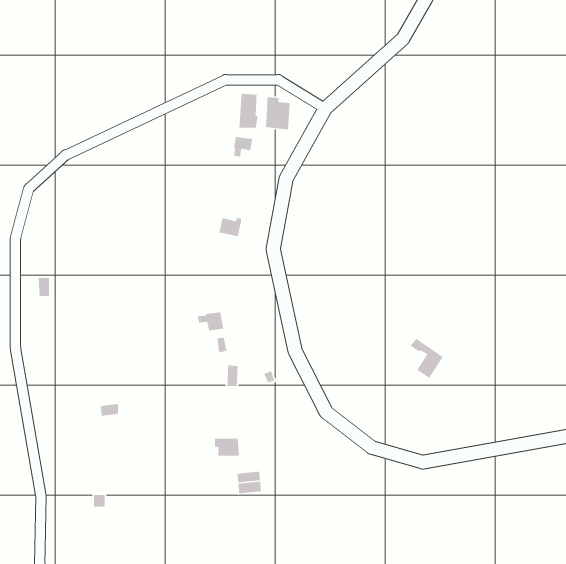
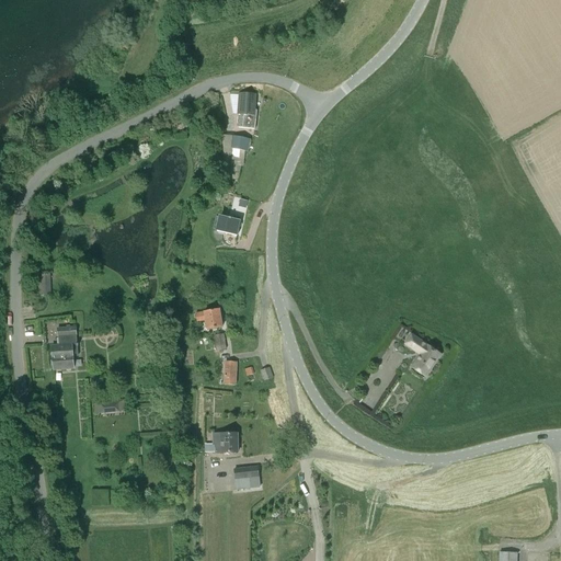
building: [265,97,290,130] -> none
building: none -> [50,325,77,367]

